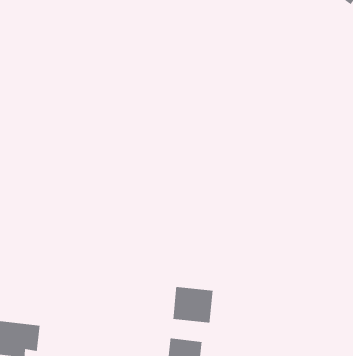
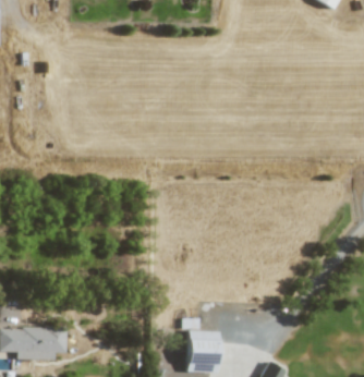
building: [172,286,213,323] -> none

